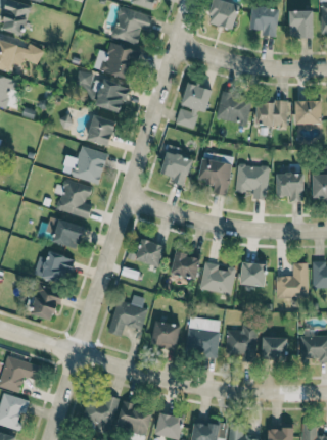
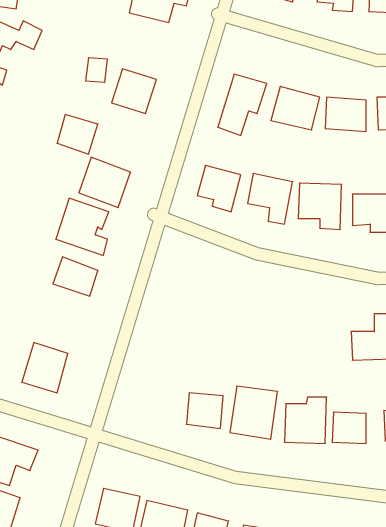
building: [100,44,139,80] -> none
building: [87,115,118,145] -> [57,115,98,154]
building: [135,238,166,266] -> none
building: [40,251,73,284] -> none
building: [170,251,200,280] -> none
building: [199,261,235,294] -> none
building: [239,261,266,287] -> none
building: [107,294,147,335] -> none

